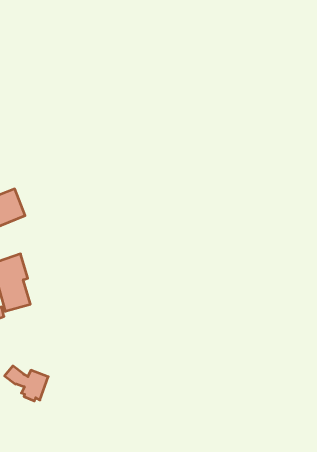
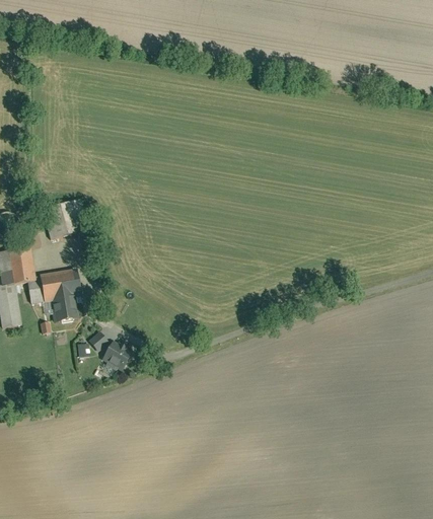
building: [5,366,48,401] -> [88,330,134,370]

